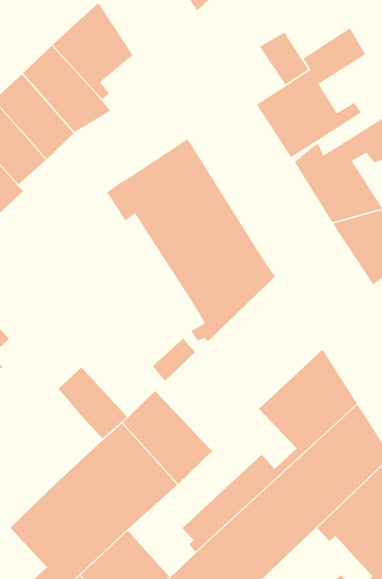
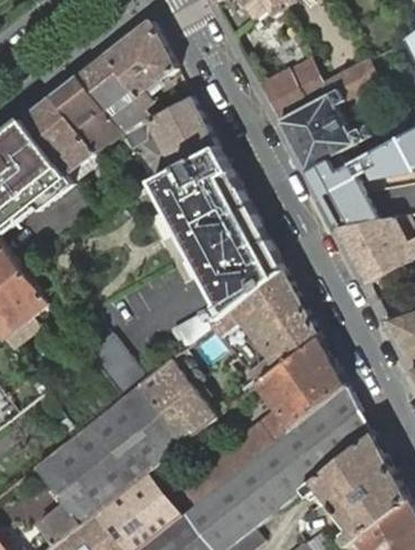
building: none -> [259,71,304,121]
building: none -> [119,96,216,180]
building: none -> [213,271,318,384]

